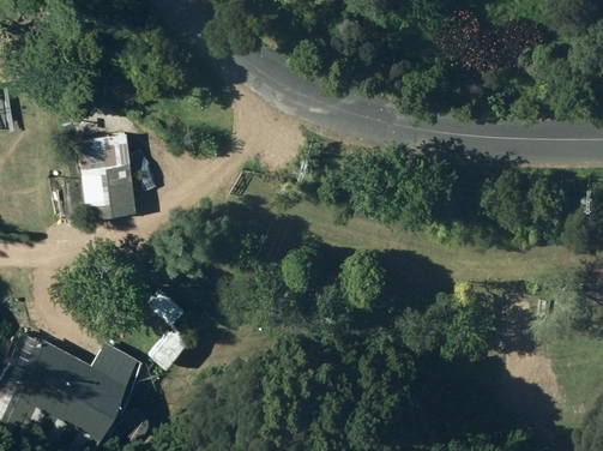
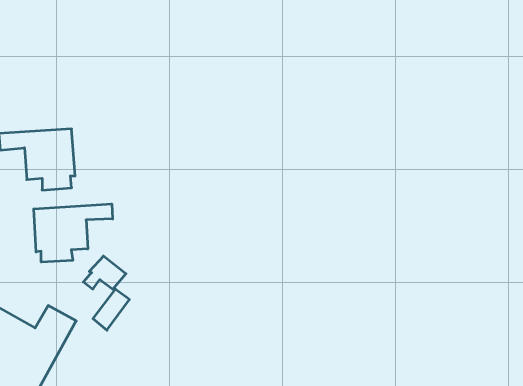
building: none -> [34,204,113,262]

